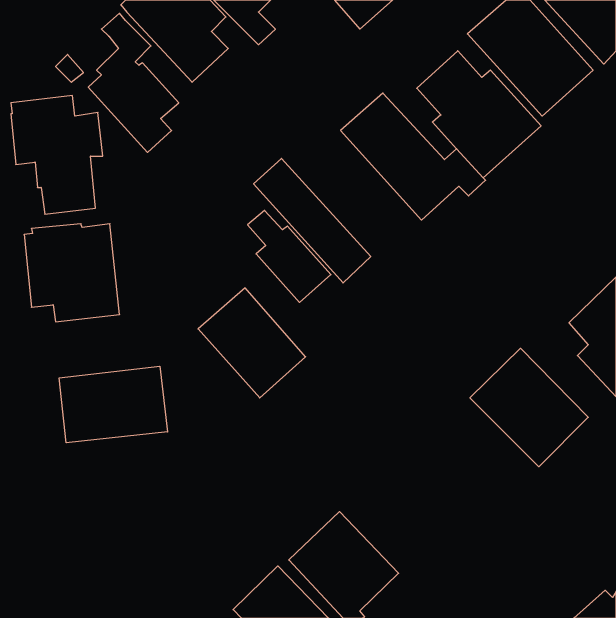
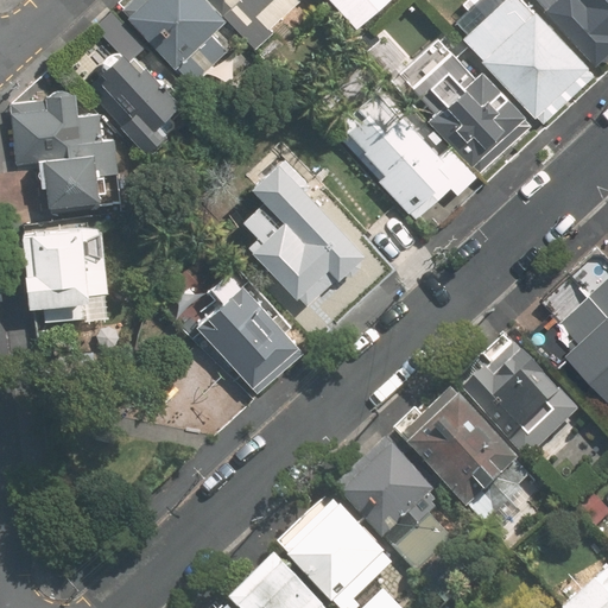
building: [59,366,168,443] -> none
building: none -> [408,397,528,520]
building: none -> [338,444,439,572]

